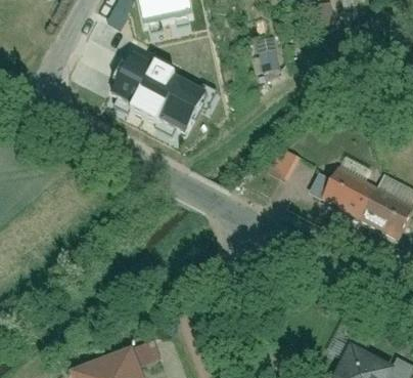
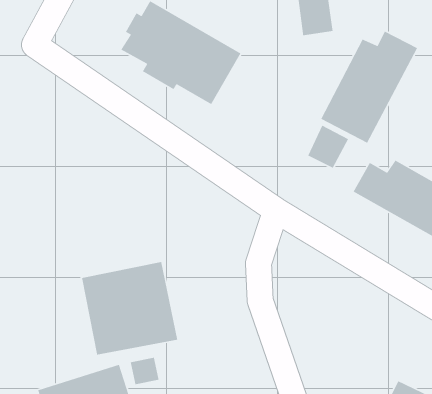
building: none -> [320,30,418,144]
building: none -> [81,261,178,355]

